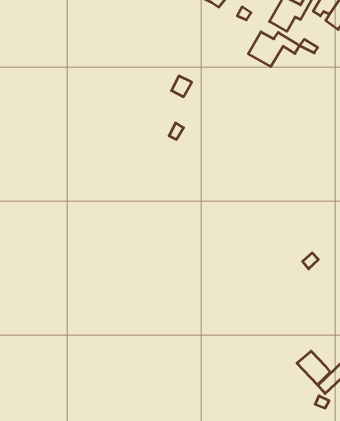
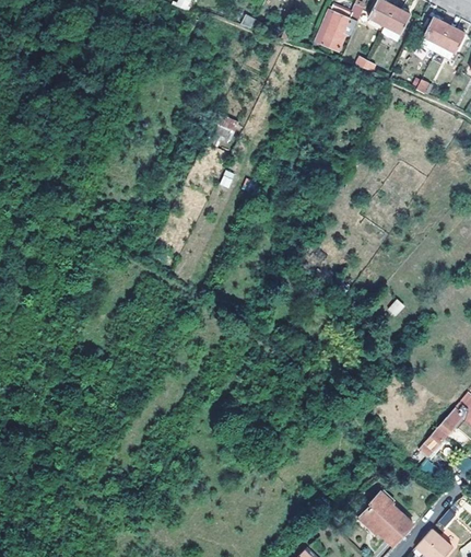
building: [248,32,300,67] -> none
building: [297,351,330,385] -> none

